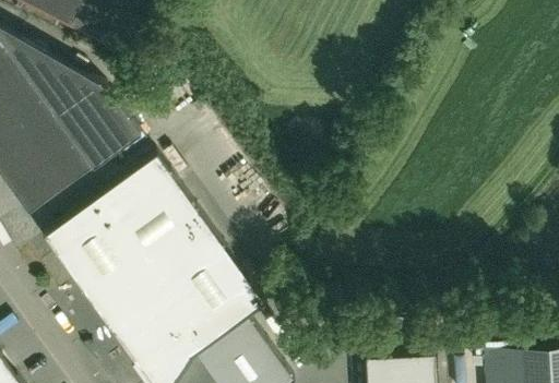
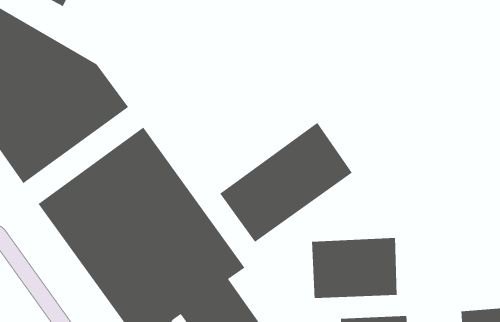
building: none -> [219,122,353,243]
building: none -> [311,237,398,299]

